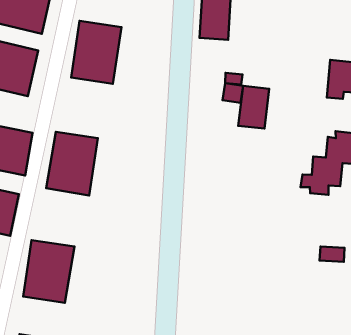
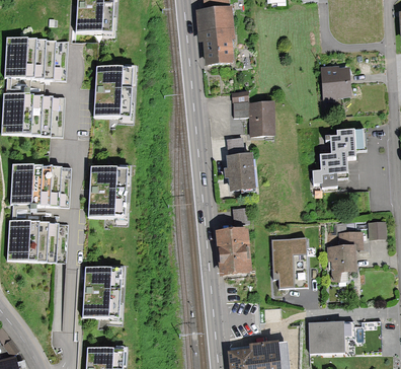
building: none -> [225,151,254,191]
building: none -> [218,225,248,276]
building: none -> [272,240,306,288]
building: none -> [327,244,351,271]

